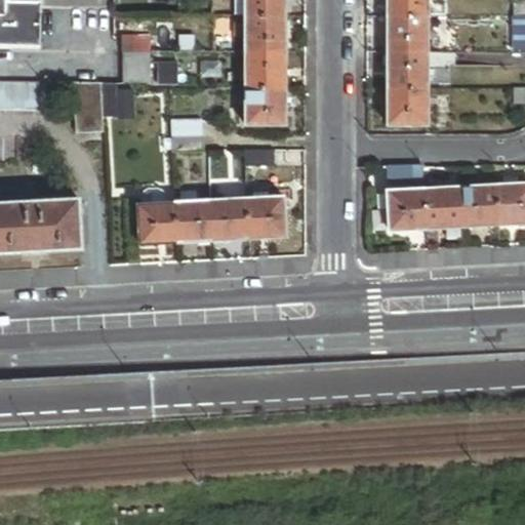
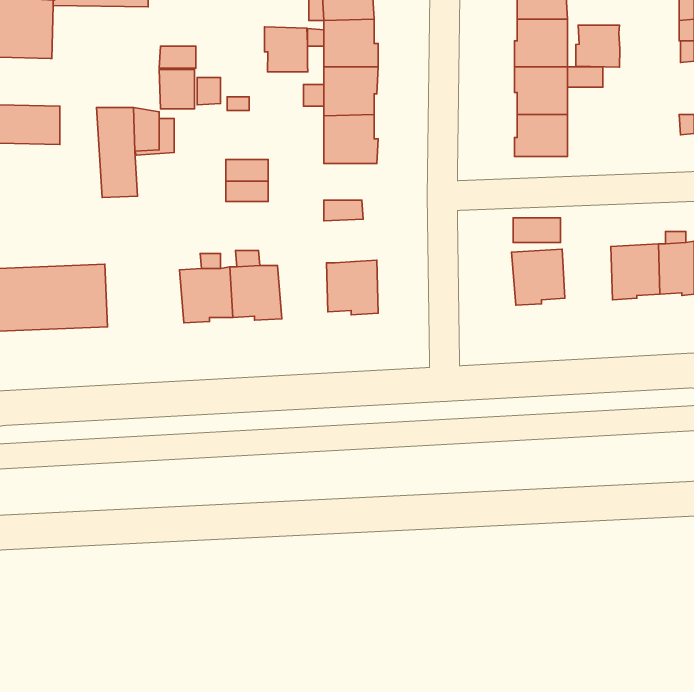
building: none -> [576,25,620,67]
building: none -> [264,27,308,72]
building: [423,186,461,227] -> none
building: [209,198,247,240] -> none

